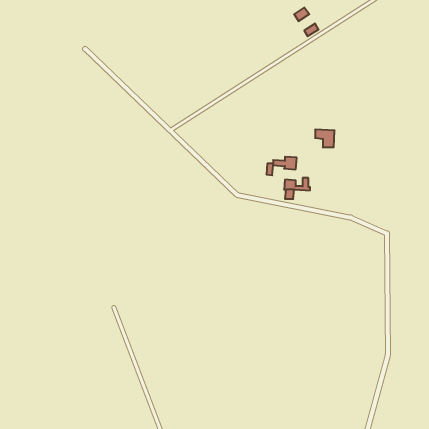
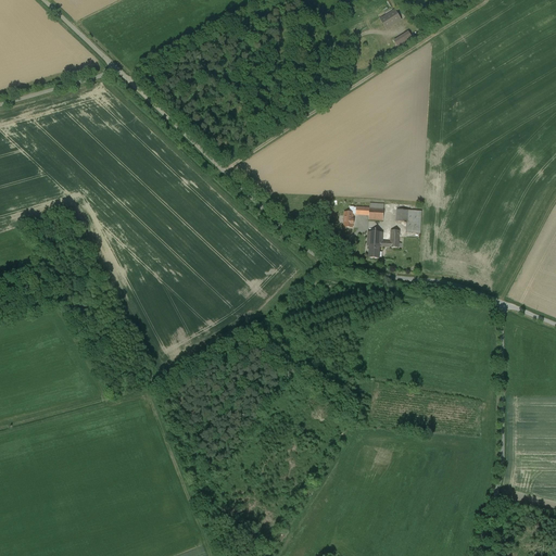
building: [315,130,335,147] -> [395,208,420,231]

